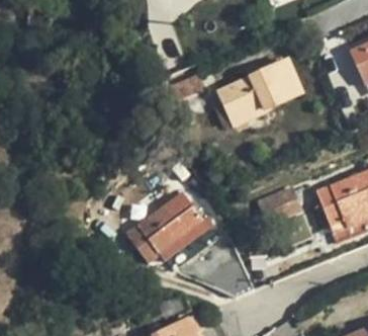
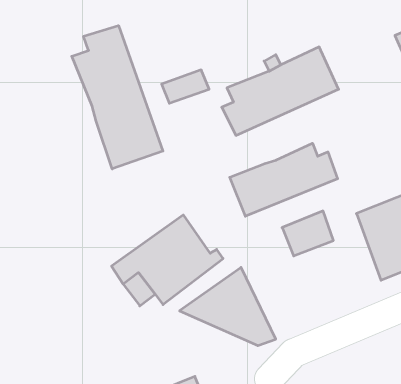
building: none -> [72,26,163,169]
building: none -> [230,143,338,216]

